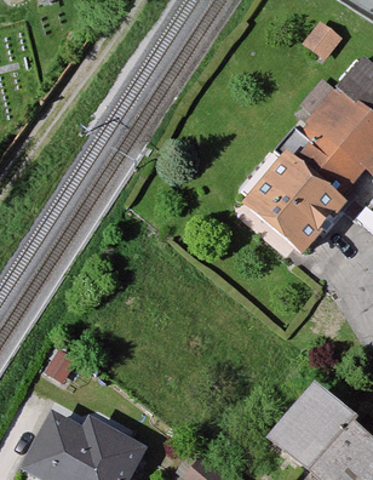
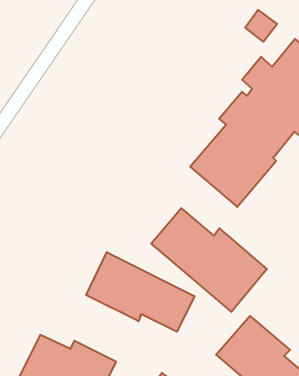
building: none -> [151,208,267,312]
building: none -> [86,252,195,332]

